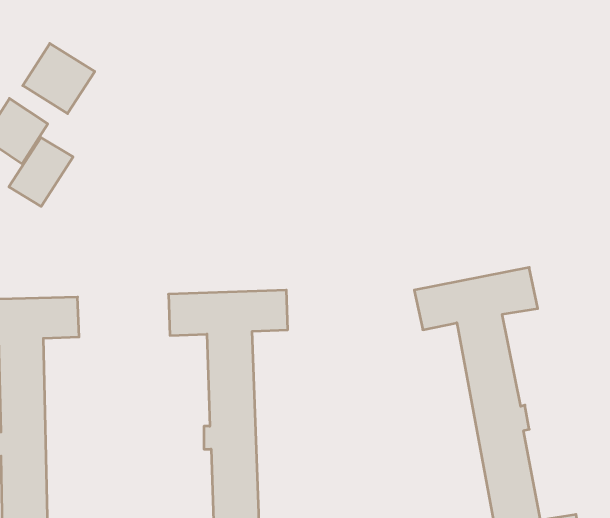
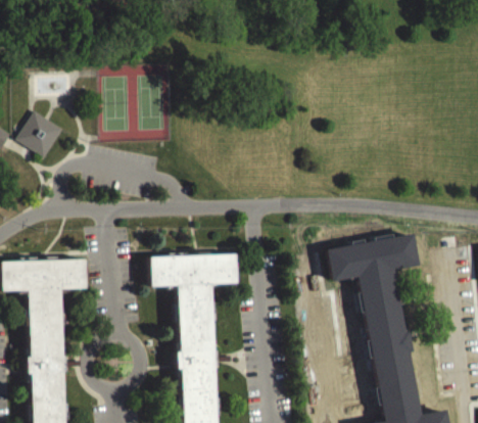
building: [23,43,95,114] -> none
building: [9,137,73,206] -> none

